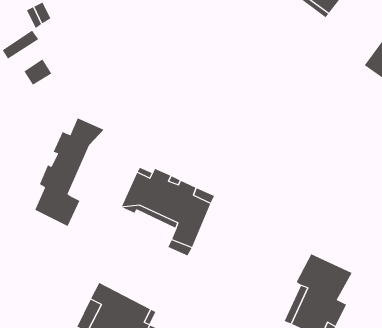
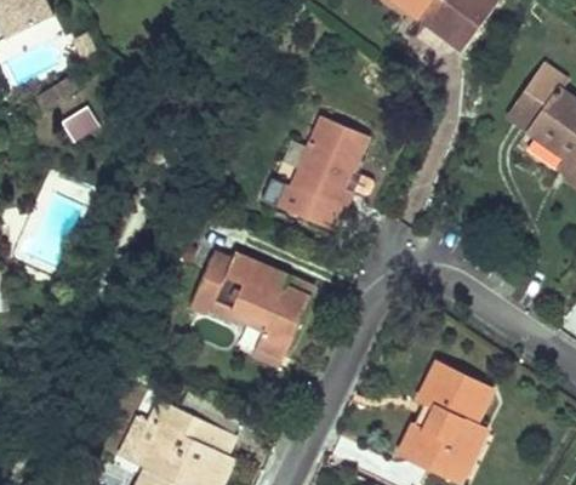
building: none -> [275,116,369,228]
building: [35,118,104,227] -> none

